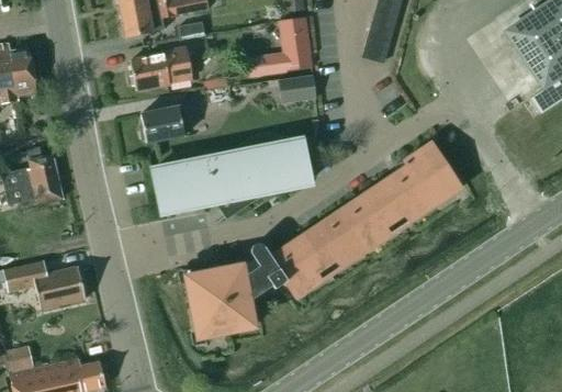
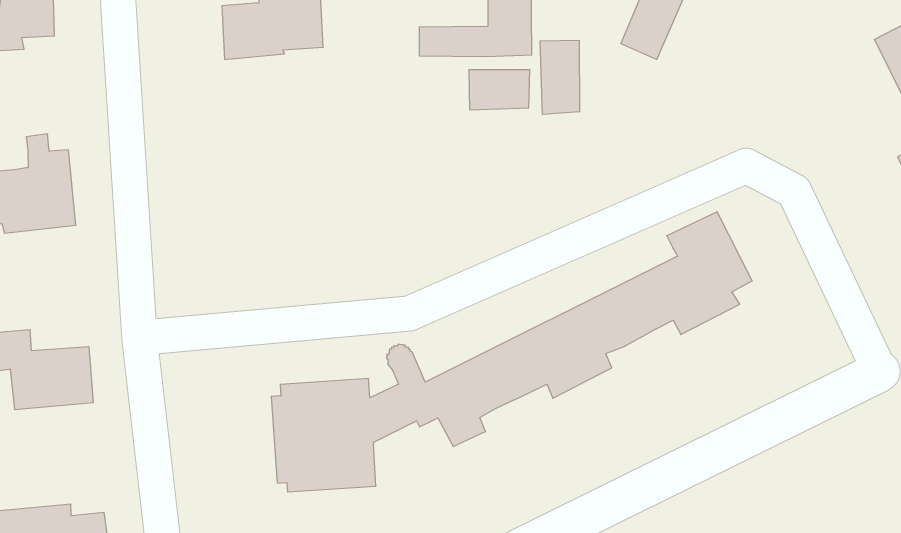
building: none -> [540,40,579,114]
building: [142,105,193,143] -> none
building: [153,139,310,216] -> none

